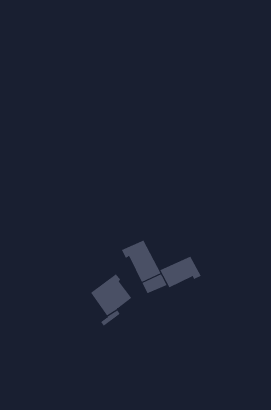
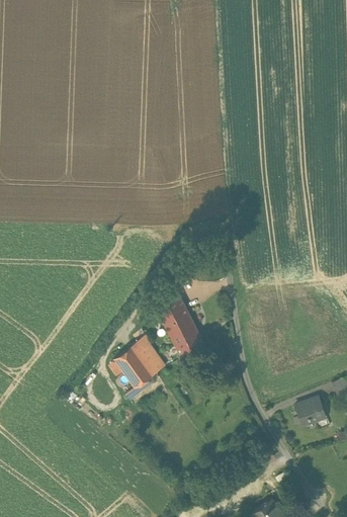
building: [160,256,202,288] -> none
building: none -> [294,397,327,425]

